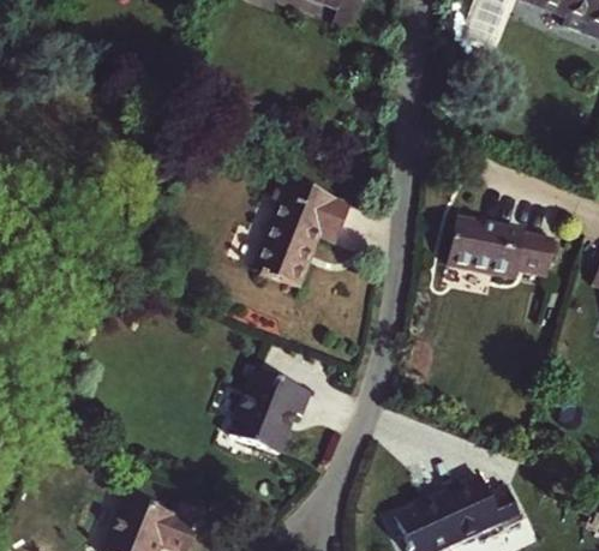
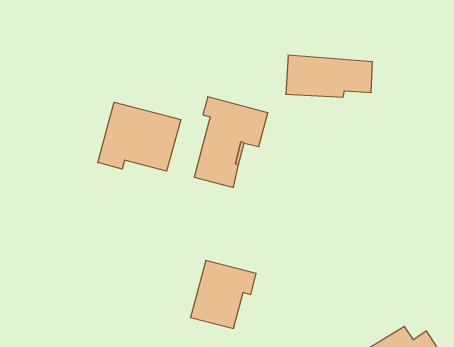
building: none -> [98,102,181,171]
building: [447,217,553,275] -> [286,55,373,97]

